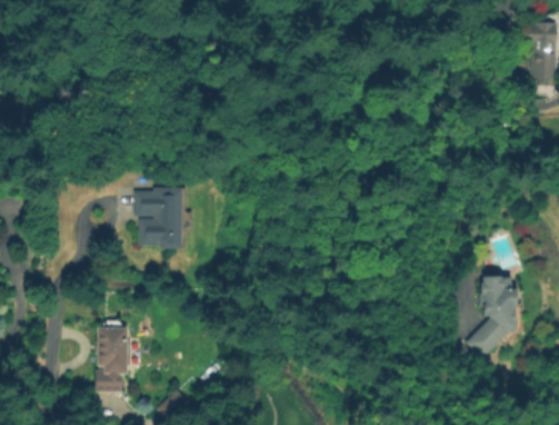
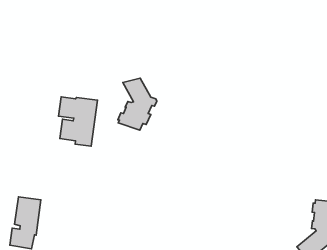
building: none -> [118,78,157,130]

